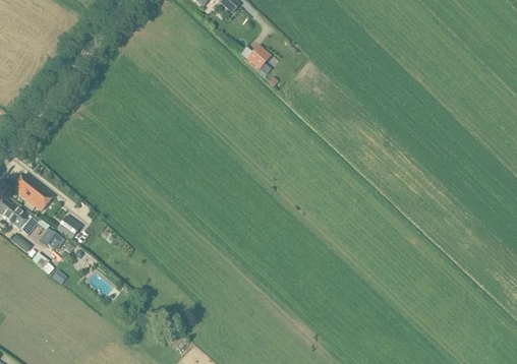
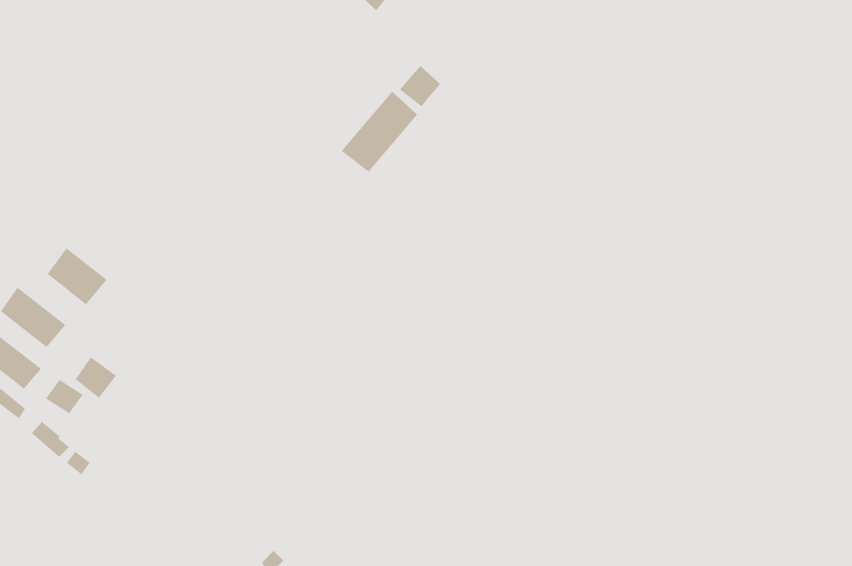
building: none -> [341,91,418,173]
building: none -> [47,247,108,305]

